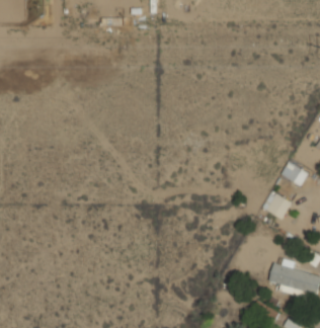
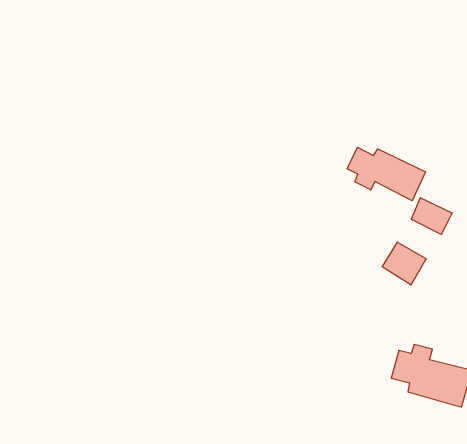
building: none -> [347,147,426,201]

